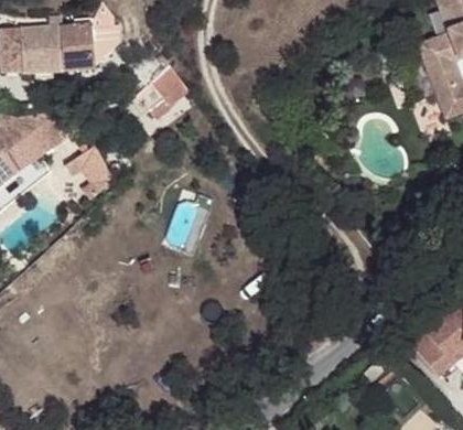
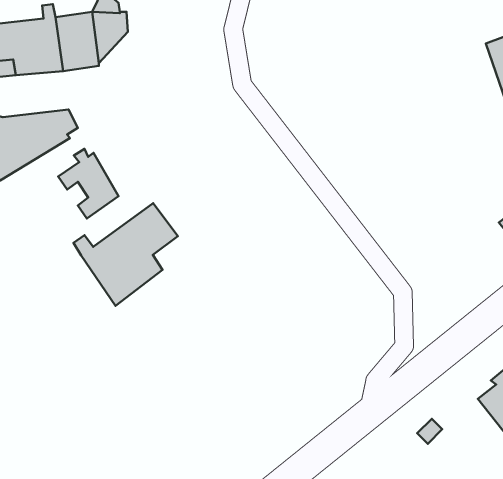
building: [132,66,191,119] -> none
building: none -> [74,203,178,306]

